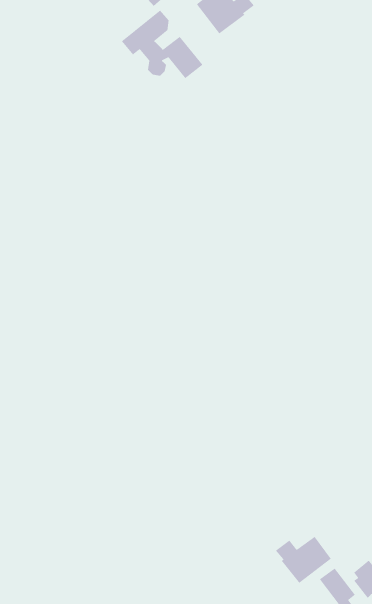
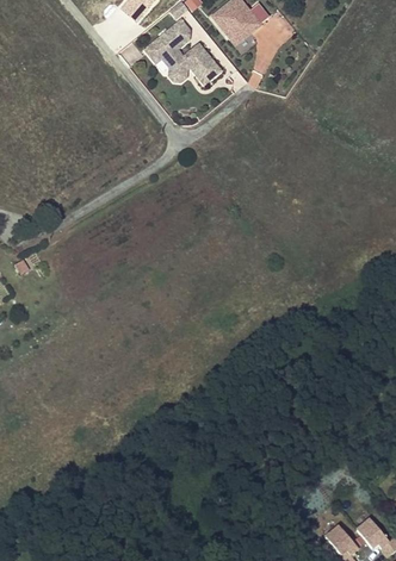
building: [275,536,332,584] -> none

